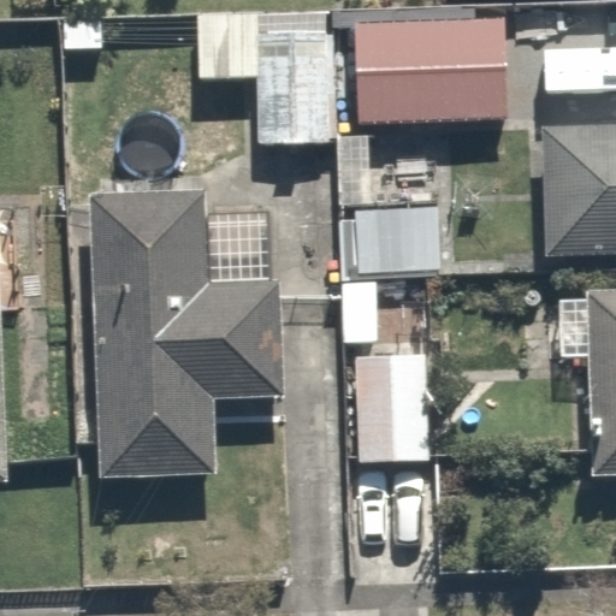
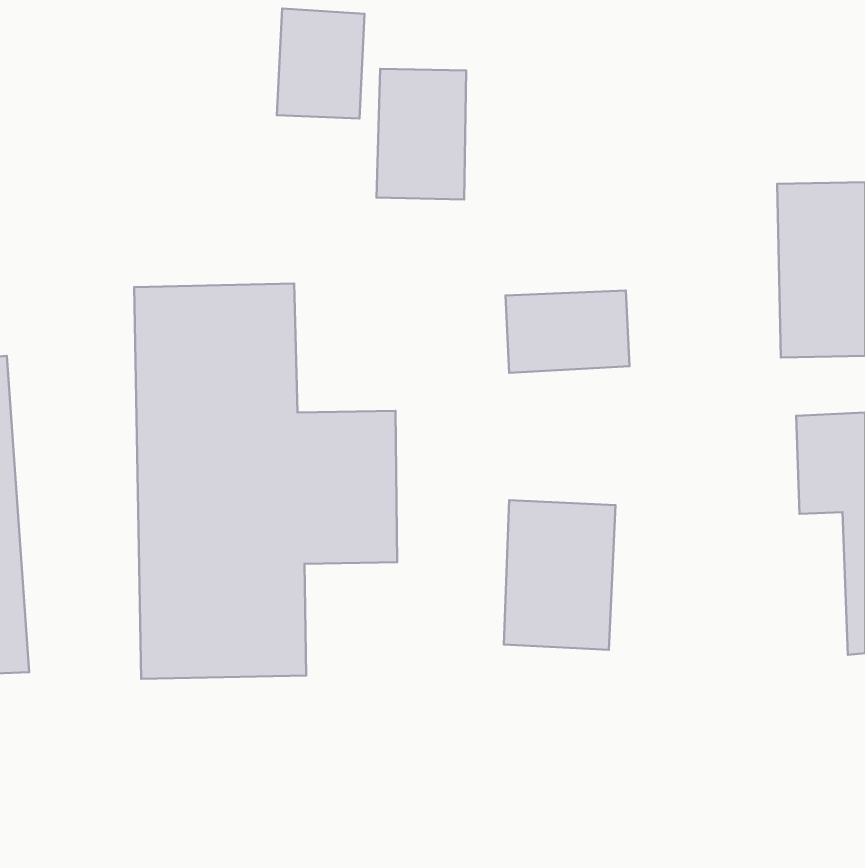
building: [351,29,513,123] -> none

